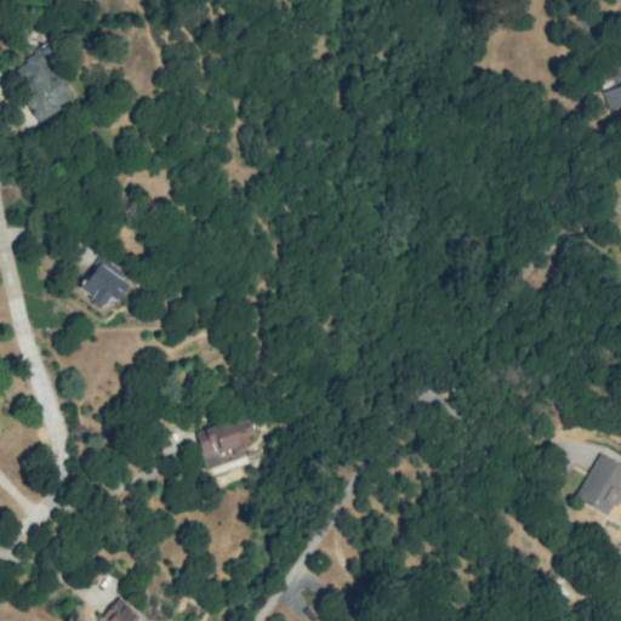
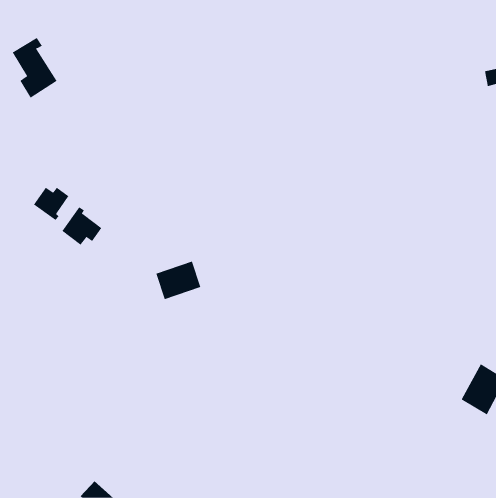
building: none -> [33,187,69,221]
building: [196,417,253,466] -> [155,261,201,300]

